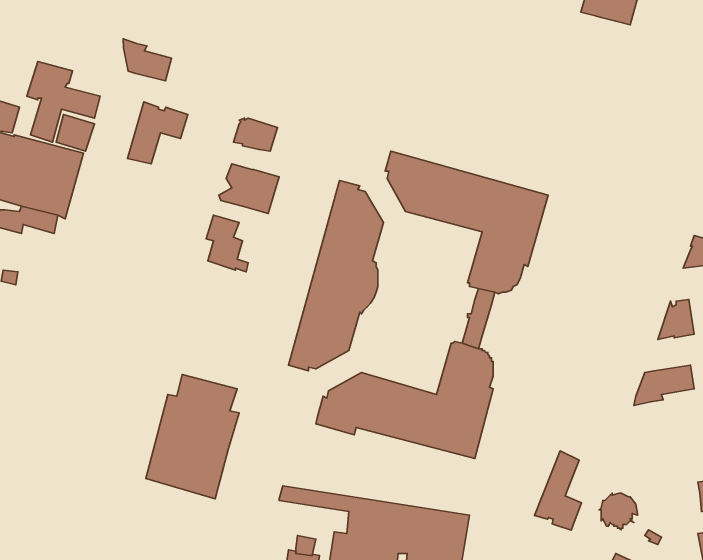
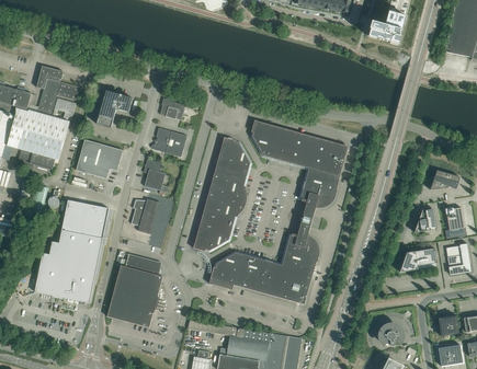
building: [123,39,171,81] -> none
building: none -> [76,139,123,178]
building: none -> [132,198,160,233]
building: none -> [35,199,110,302]
building: [534,451,582,530] -> none

